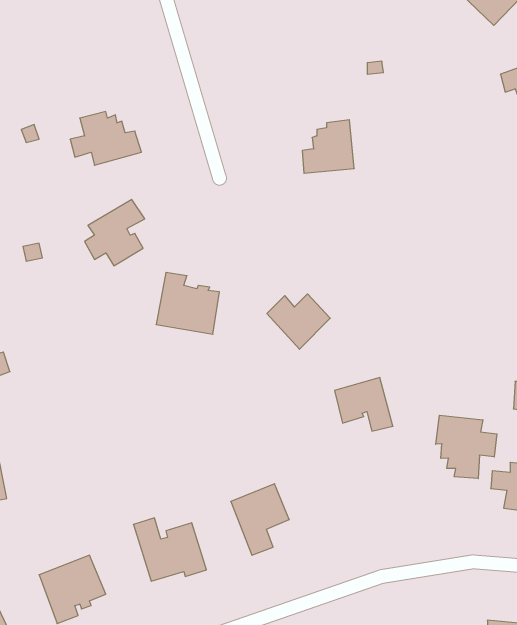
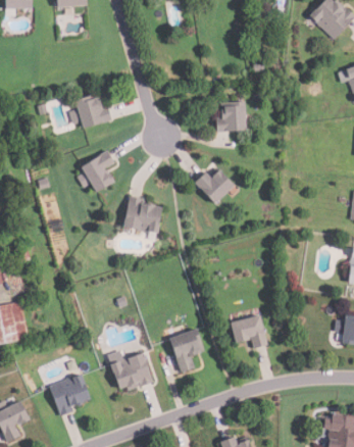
building: [267,294,330,349] -> [194,169,234,204]
building: [335,378,393,431] -> [231,314,267,348]
building: [436,415,497,479] -> none

